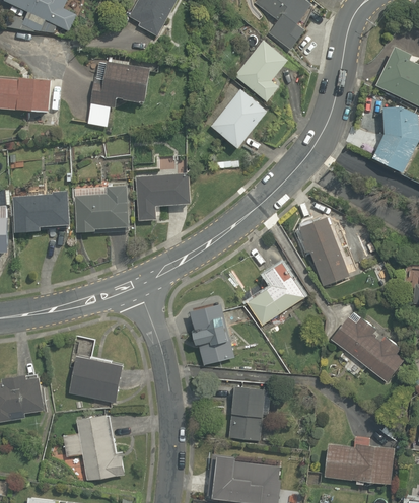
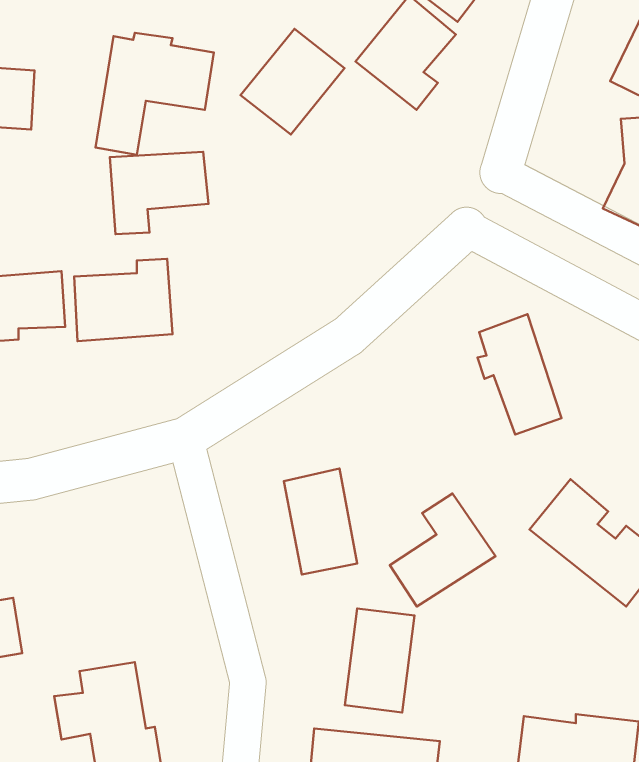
building: [210,88,269,148] -> [241,29,345,135]
building: [133,173,189,220] -> [110,152,209,234]
building: [247,261,306,325] -> [390,493,496,606]
building: [69,353,122,402] -> none

